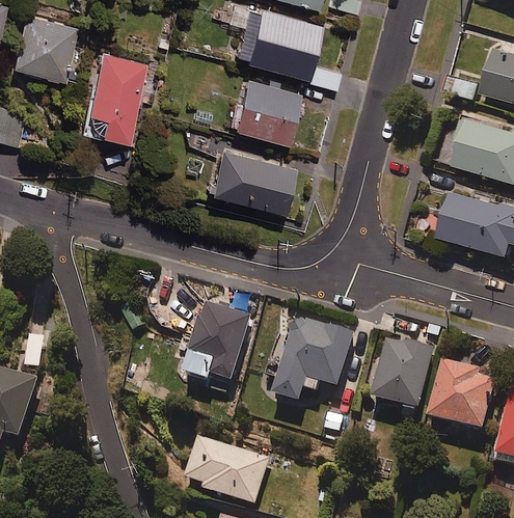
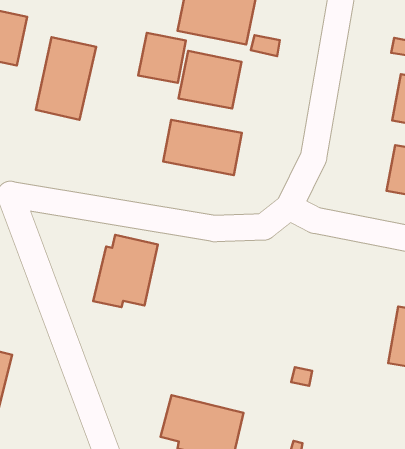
building: none -> [138,33,186,83]
building: [178,304,249,380] -> [93,235,158,307]
building: [268,320,354,403] -> none
building: [371,337,434,409] -> none

